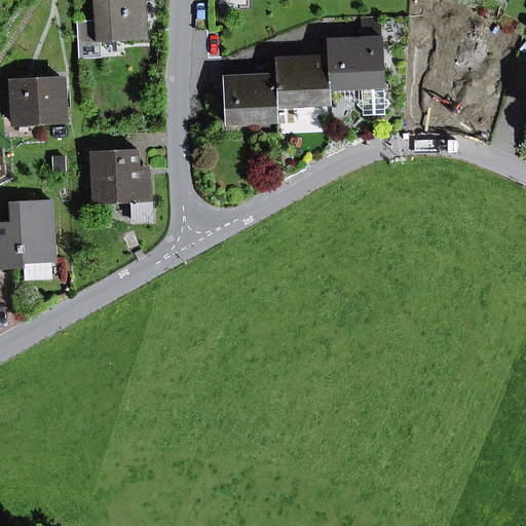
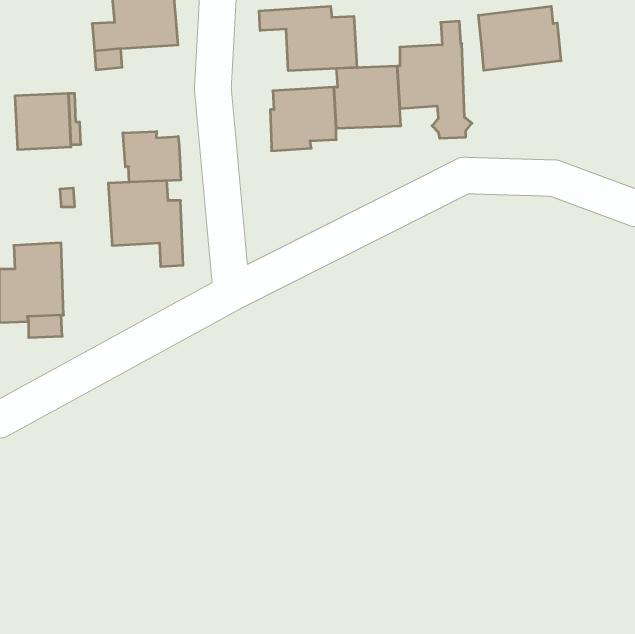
building: none -> [479,6,561,70]
building: none -> [259,6,357,71]
building: none -> [123,131,181,182]

